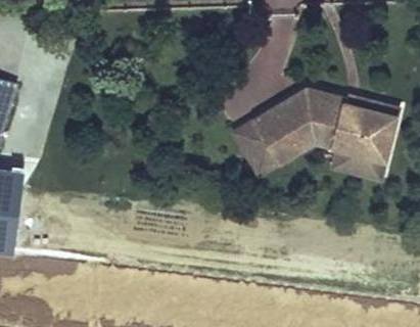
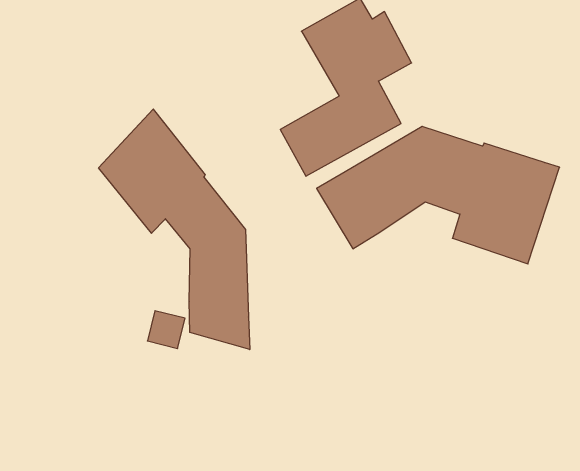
building: none -> [99,109,250,350]

